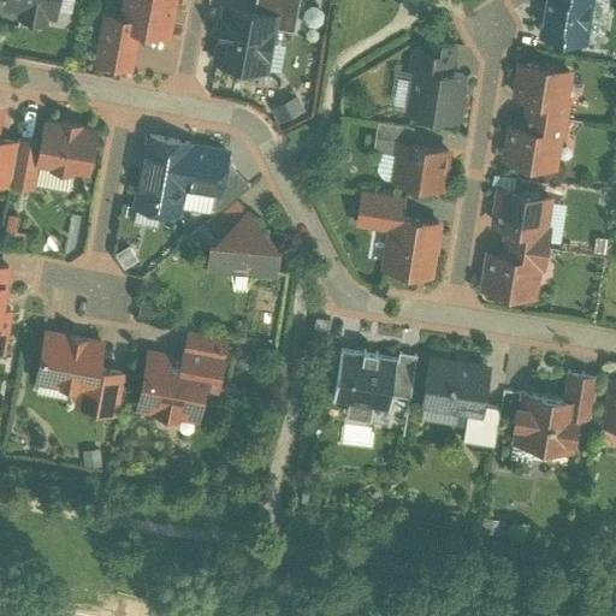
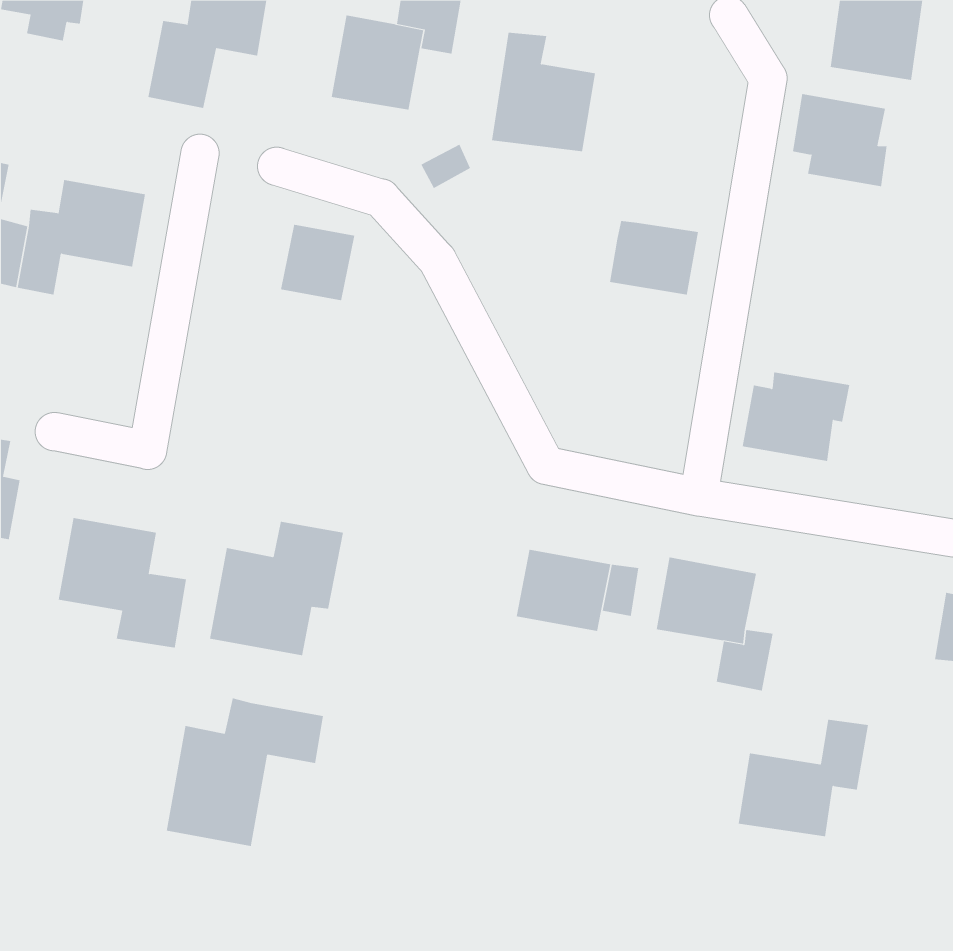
building: [402,51,469,128] -> [491,32,596,152]
building: [499,114,569,171] -> none
building: [374,126,413,156] -> none
building: [137,140,190,218] -> none
building: [490,190,553,250] -> none
building: [202,199,279,279] -> none
building: [360,200,442,279] -> none
building: [513,375,597,451] -> [738,719,869,837]
building: none -> [166,698,324,847]

